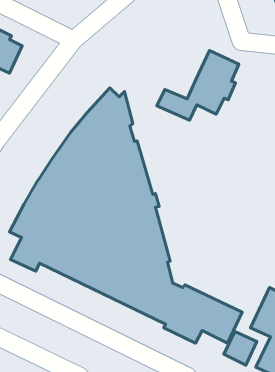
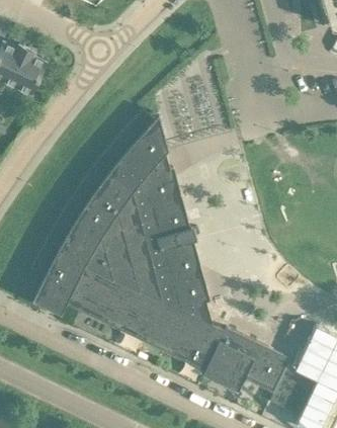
building: [157,51,239,120] -> none

